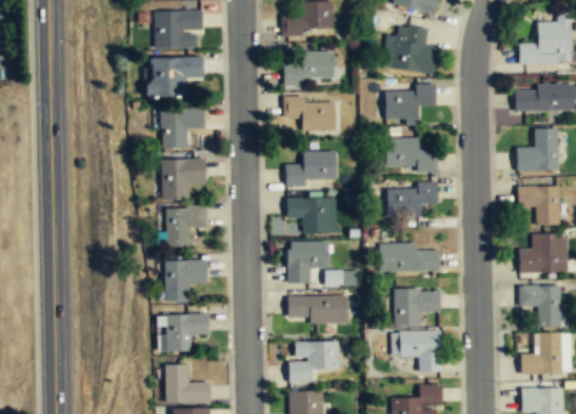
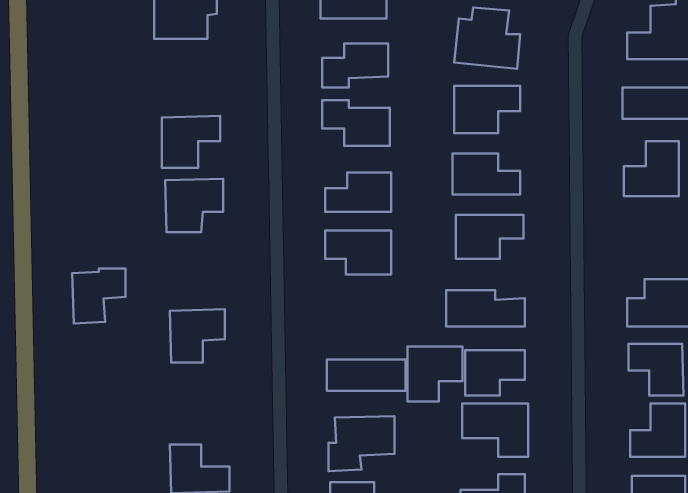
building: [147,58,204,97] -> none
building: [518,187,560,226] -> none
building: [167,204,209,246] -> [72,269,126,324]
building: [286,242,329,284] -> [408,347,463,402]
building: [167,312,211,350] -> none

